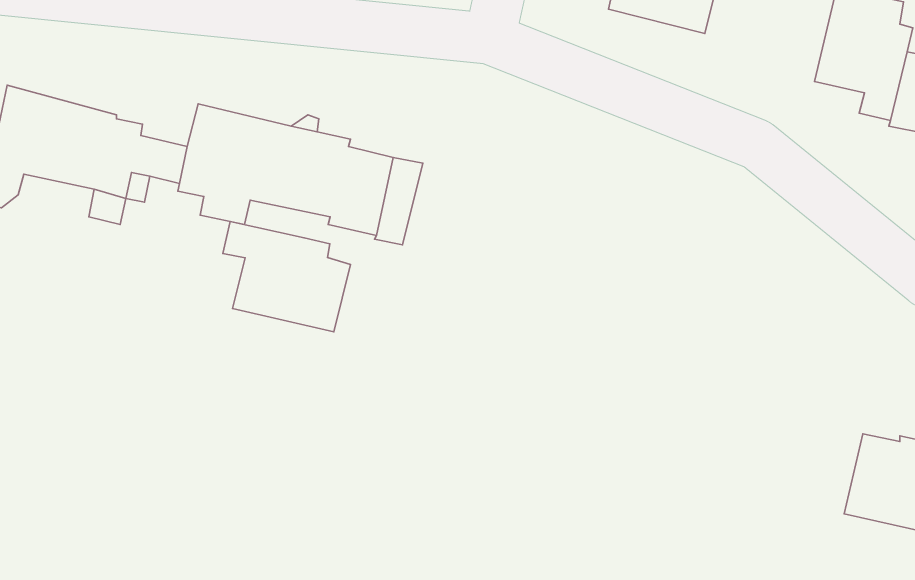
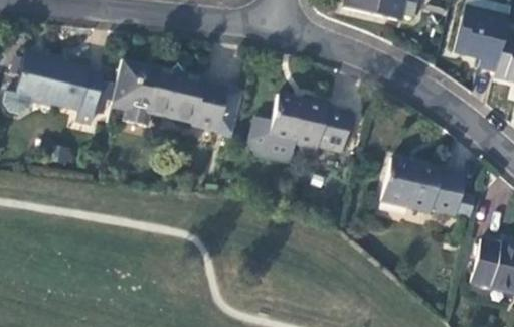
building: none -> [250,95,351,163]
building: [223,221,350,332] -> none
building: none -> [384,159,466,215]

